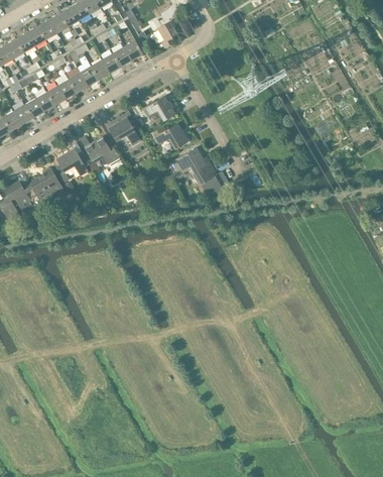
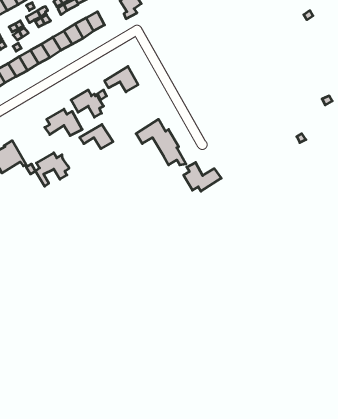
building: [154,124,187,148] -> [80,124,113,149]
building: [55,149,89,183] -> [35,153,69,186]
building: none -> [184,162,221,191]

